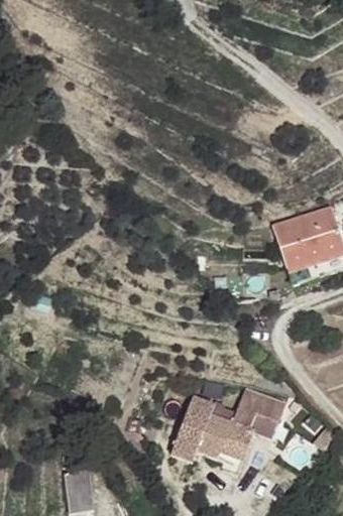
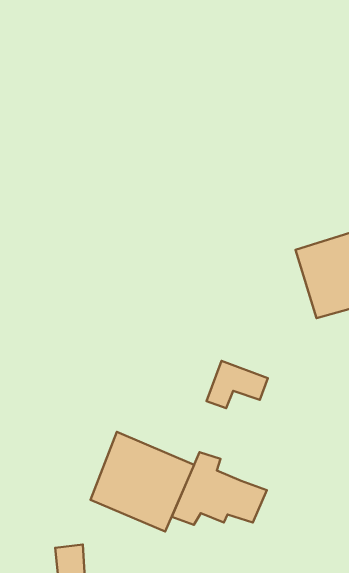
building: none -> [91,432,194,531]
building: [229,388,282,429] -> [207,361,268,408]

